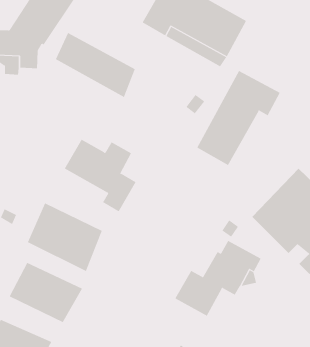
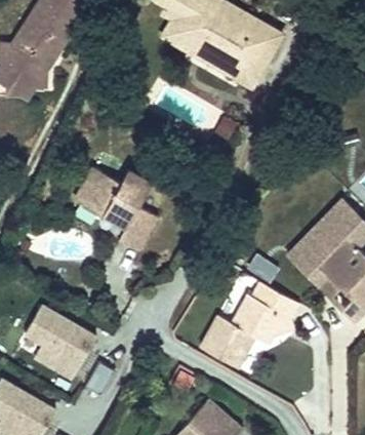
building: [55,32,136,98] -> none
building: [196,70,280,166] -> none
building: [27,202,103,272] -> none

